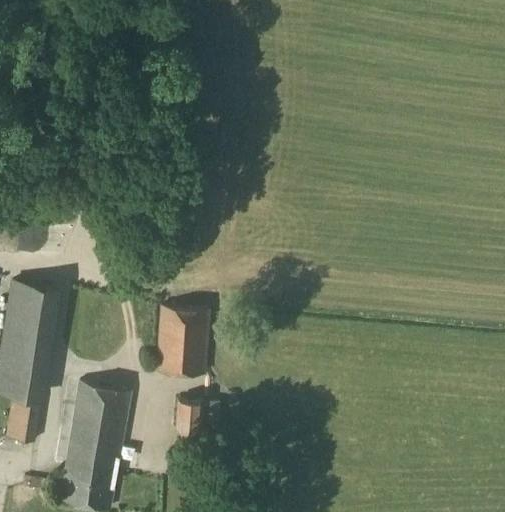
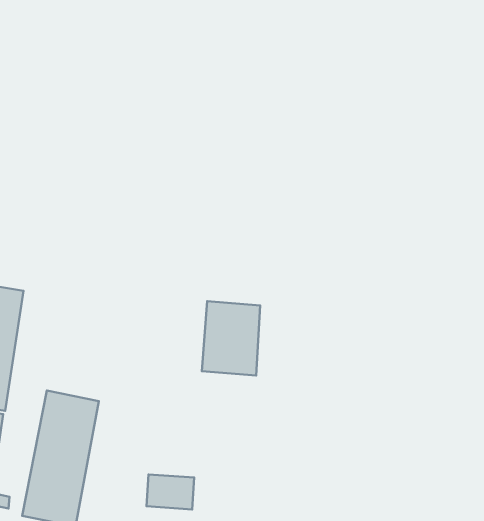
building: [155,306,210,376] -> [202,301,260,376]
building: [175,400,220,433] -> [146,474,194,509]

